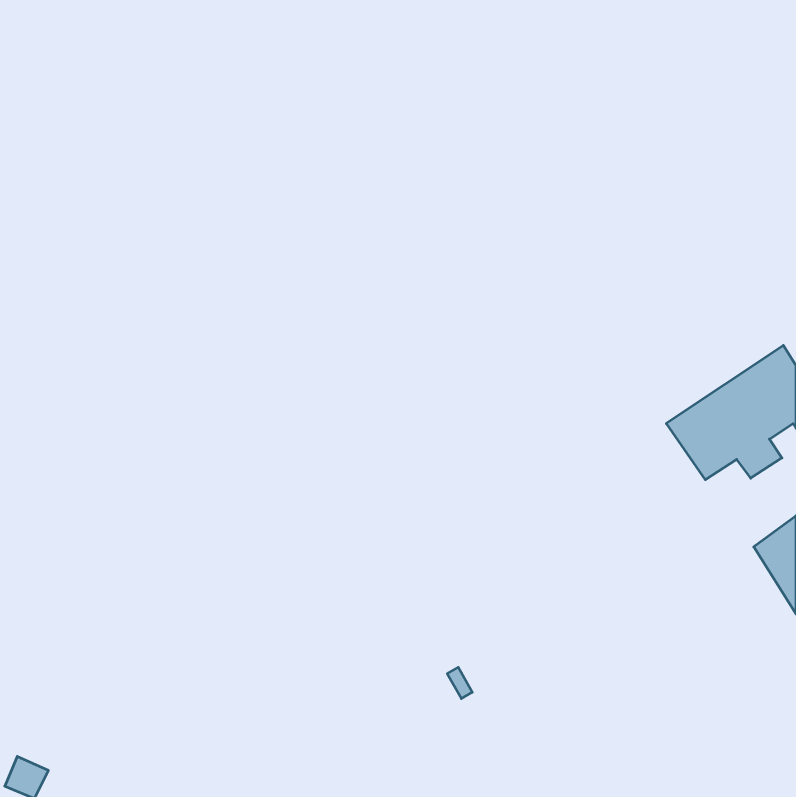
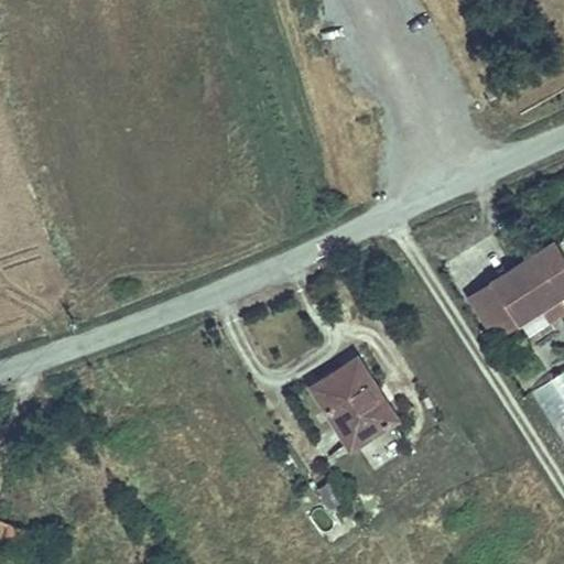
building: none -> [315,358,398,446]

